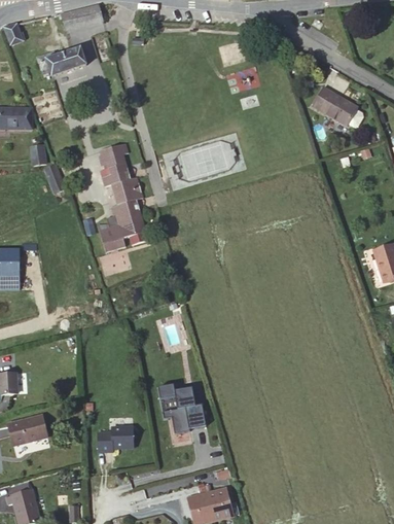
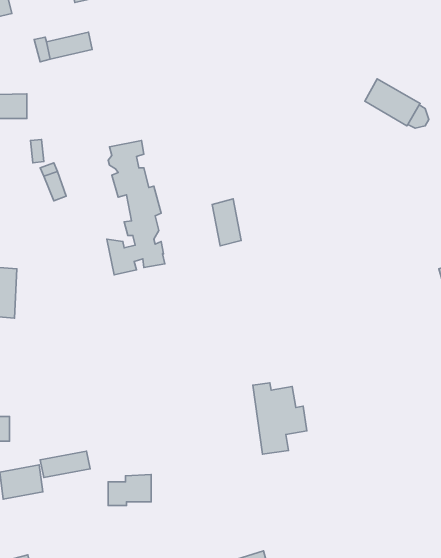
building: none -> [212,199,241,246]
building: [163,385,208,445] -> [253,383,307,454]
building: none -> [40,451,90,478]

